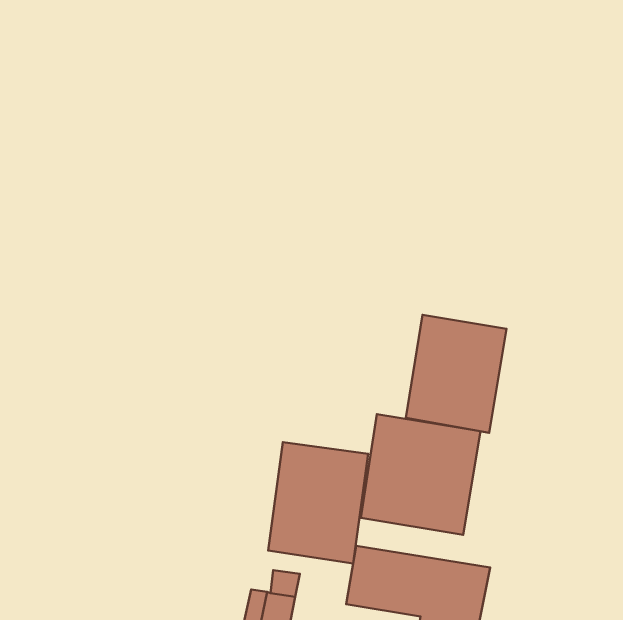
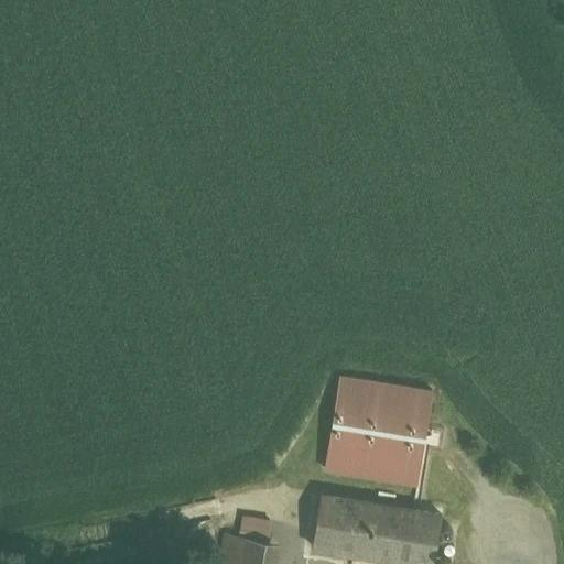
building: [406,315,506,433] -> none
building: [268,442,368,563] -> none

